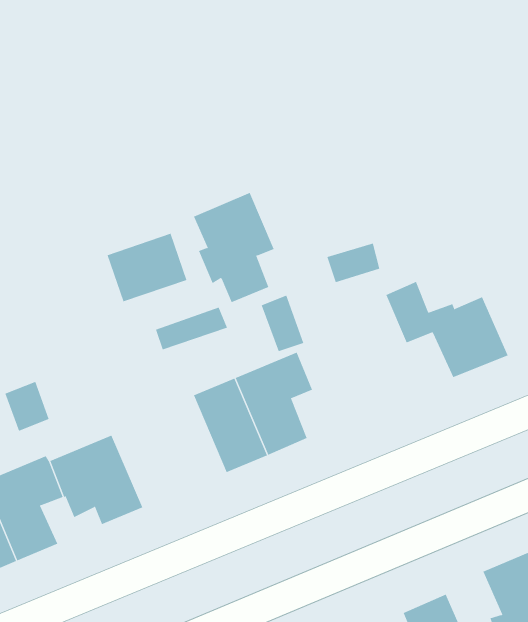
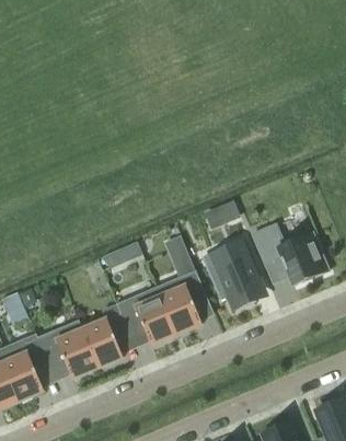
building: [193,192,274,303] -> [208,240,260,310]
building: [107,233,187,302] -> none
building: none -> [78,312,130,367]

